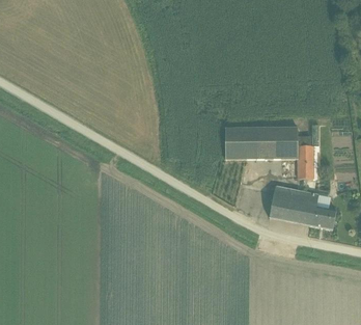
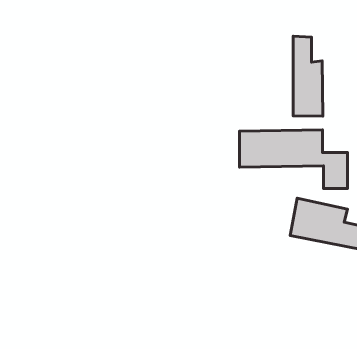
building: none -> [293,36,323,116]

